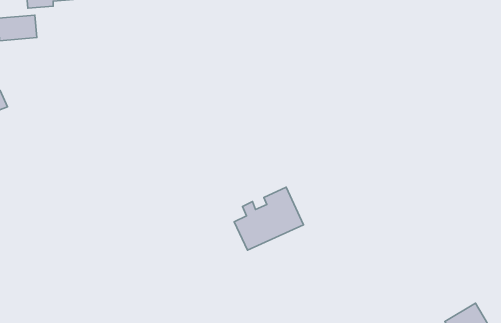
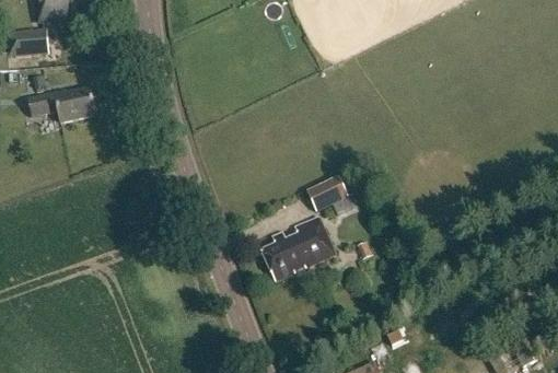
building: none -> [28,86,96,123]
building: none -> [304,173,354,210]

